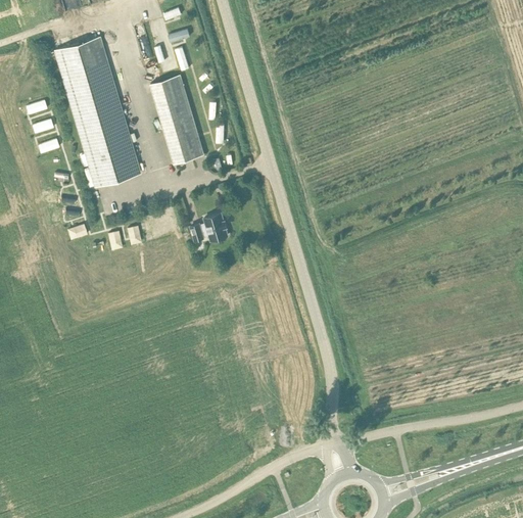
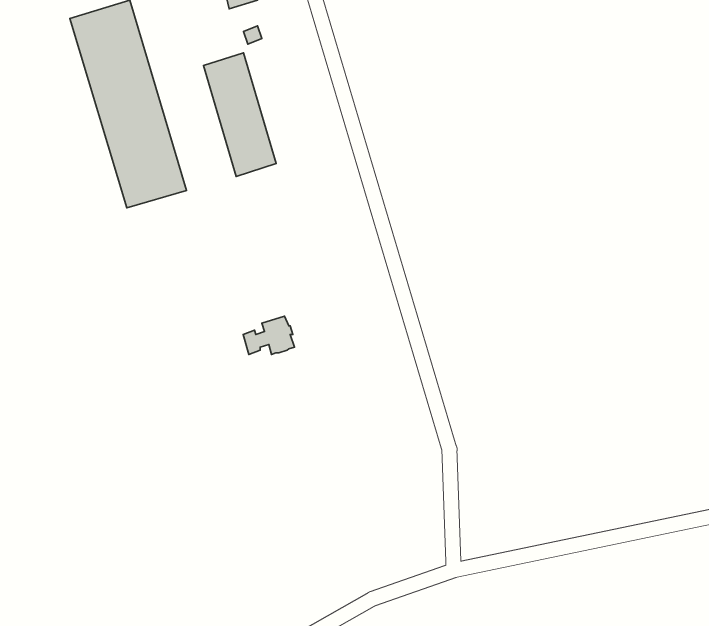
building: [192,214,229,241] -> [243,316,294,354]

